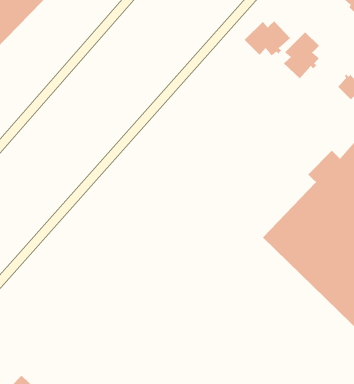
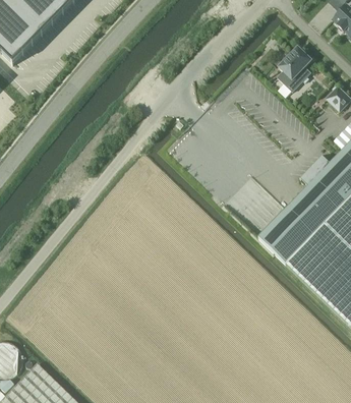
building: [244,21,291,56] -> none

